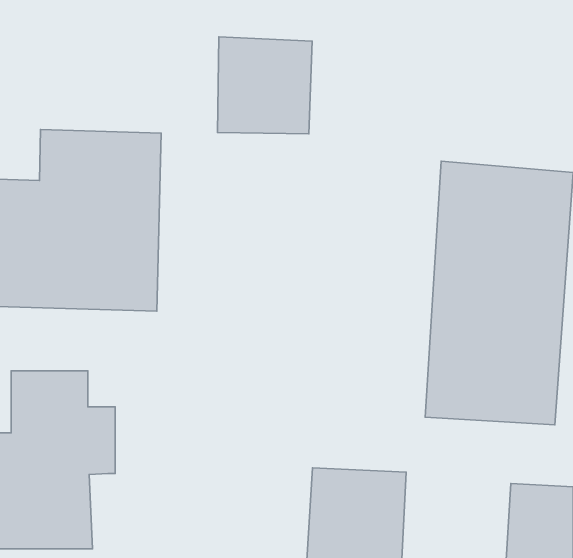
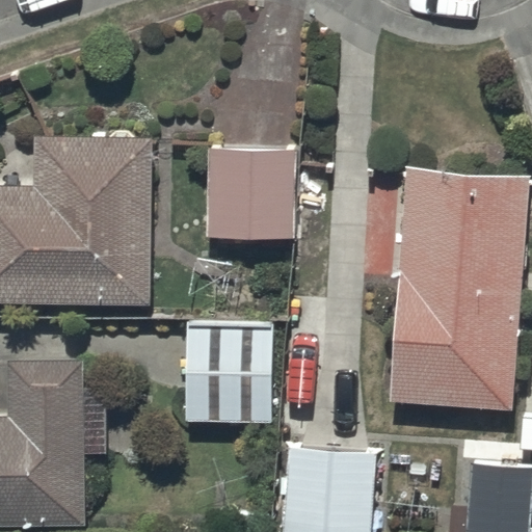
building: [218,37,312,134] -> [207,149,294,238]
building: none -> [186,321,271,421]

